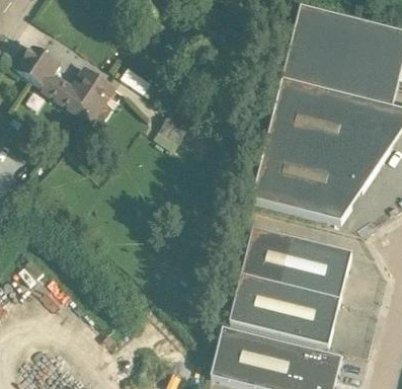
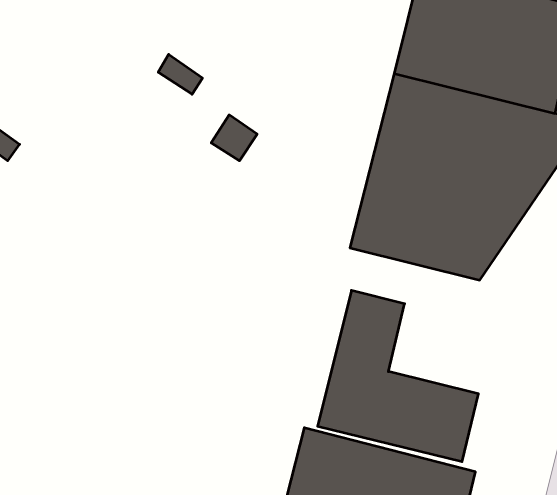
building: [16,46,115,126] -> none
building: [278,237,351,299] -> none

